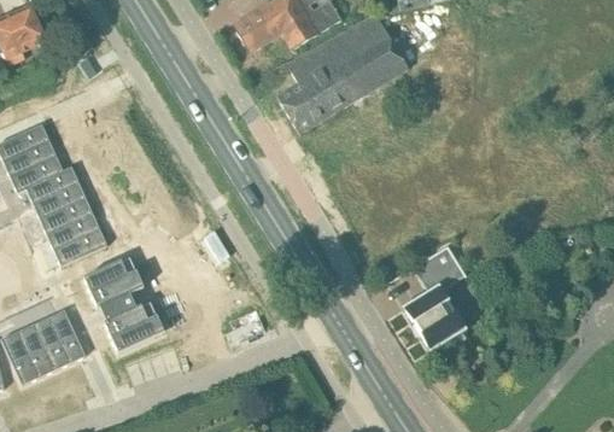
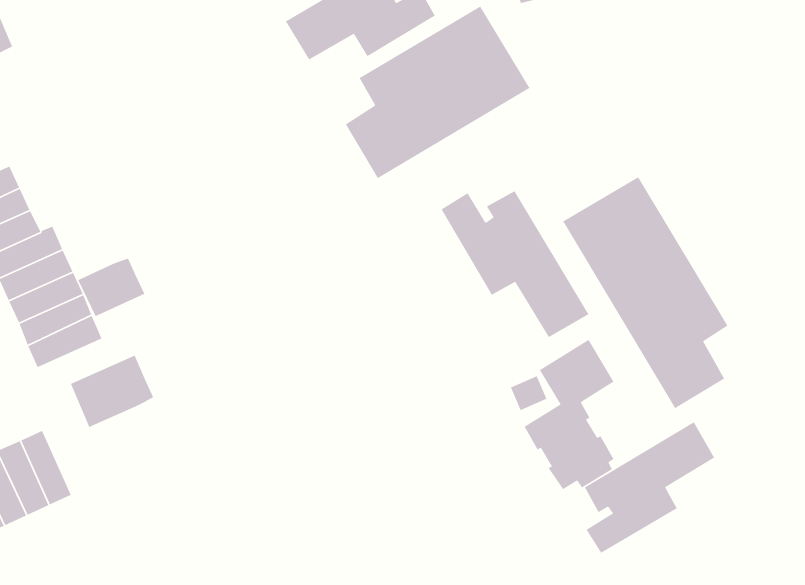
building: none -> [562,176,729,409]
building: none -> [441,190,590,338]
building: none -> [77,258,145,317]
building: [104,300,163,352] -> none
building: none -> [584,421,715,554]

